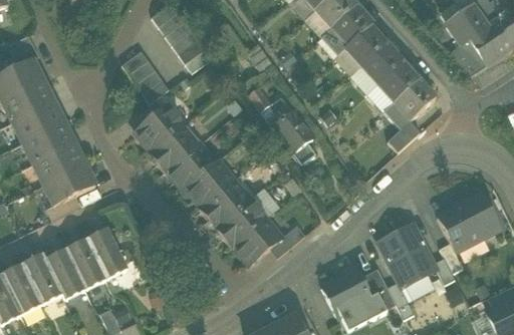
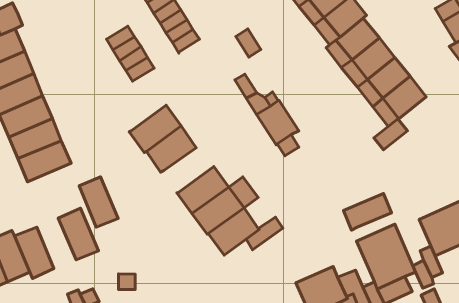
building: [135,103,184,149] -> none
building: [186,159,234,206] -> none
building: none -> [344,193,392,230]
building: [66,239,106,288] -> [79,177,118,227]

